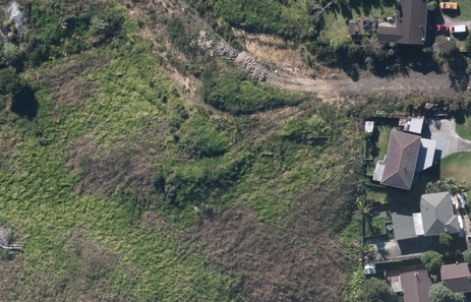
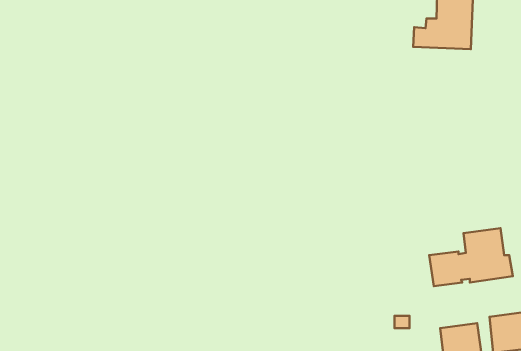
building: [373,117,437,183] -> none

